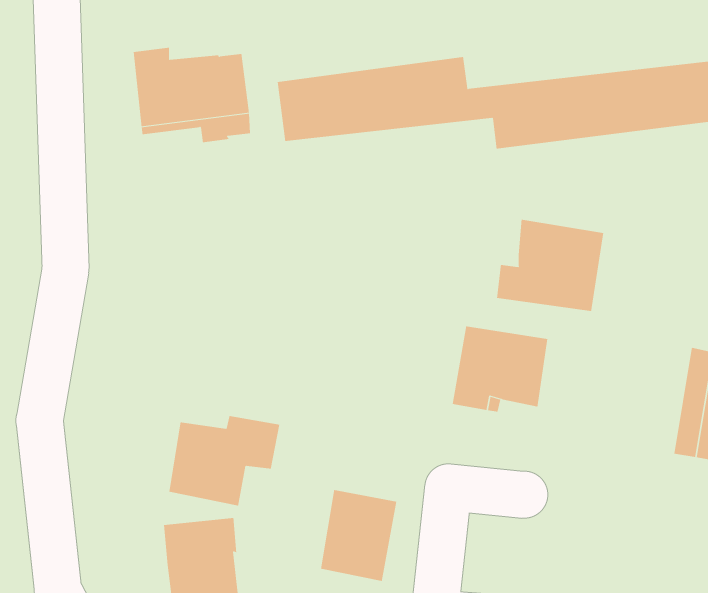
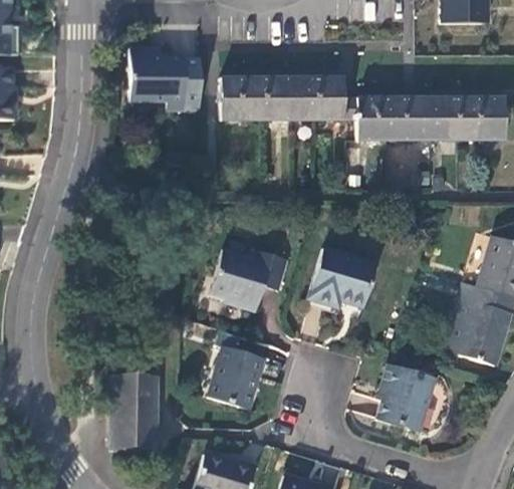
building: [496,219,604,312] -> none
building: [168,415,280,506] -> [211,251,288,310]
building: none -> [371,364,432,430]

